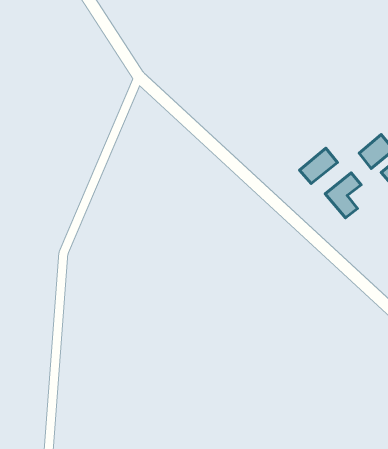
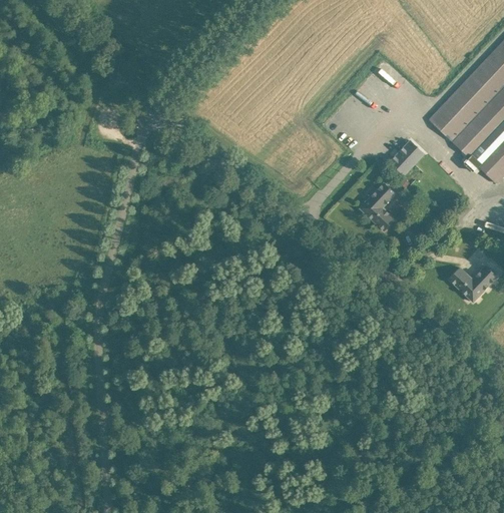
building: [299,148,337,183] -> none

